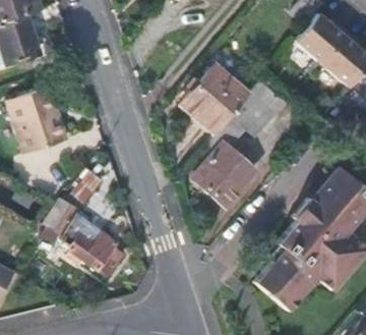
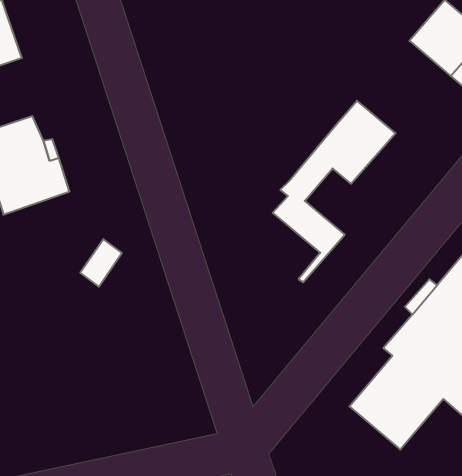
building: [182,67,247,133] -> none
building: [195,159,236,199] -> none
building: [41,200,121,274] -> none

